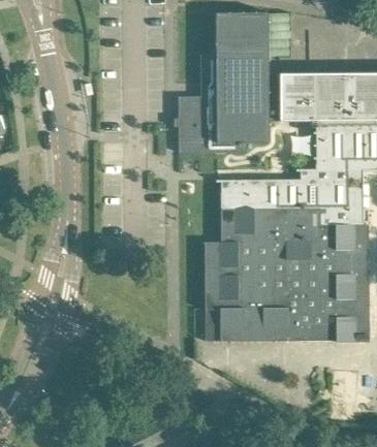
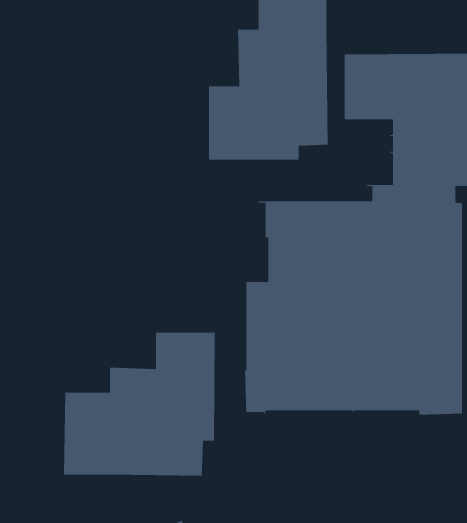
building: none -> [63,332,215,477]

